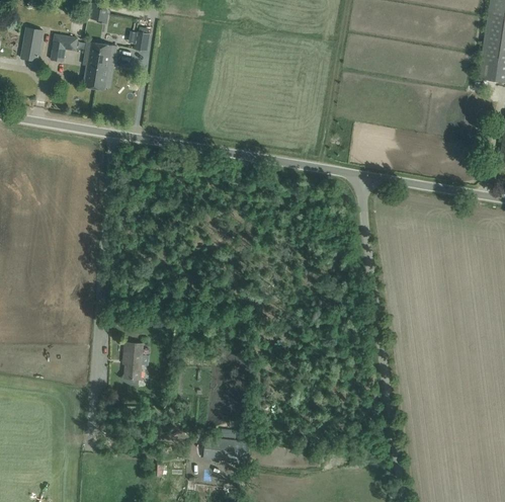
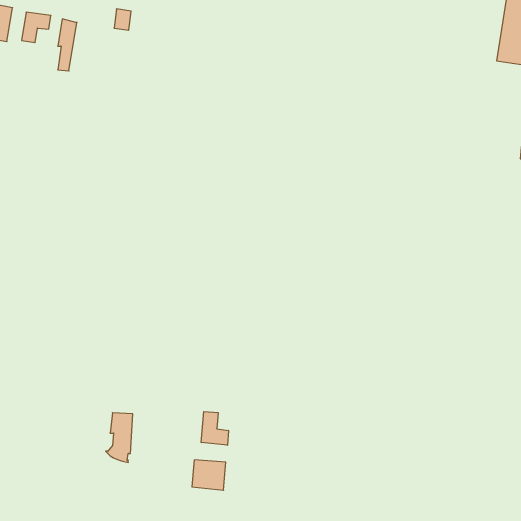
building: [94,44,117,89] -> none
building: [119,342,144,387] -> [106,413,133,462]
building: none -> [201,412,228,445]

